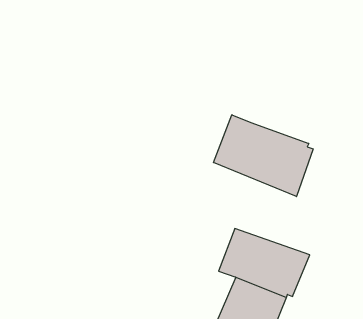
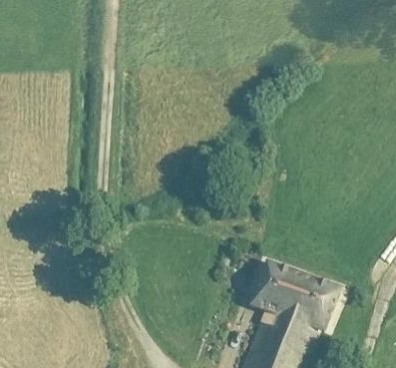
building: [214,115,313,197] -> none

